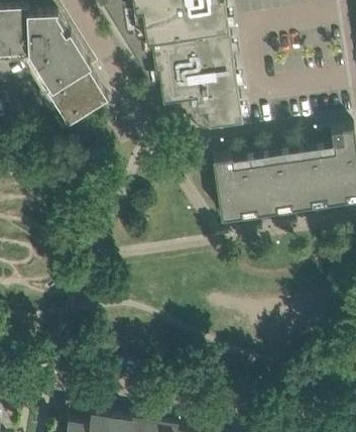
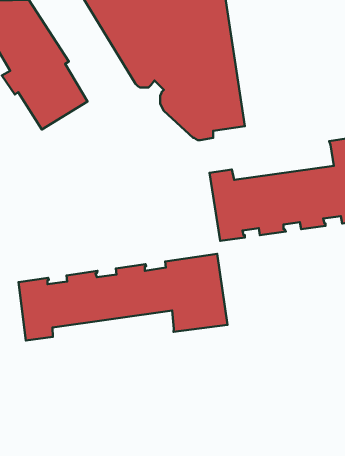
building: none -> [19,254,227,340]

